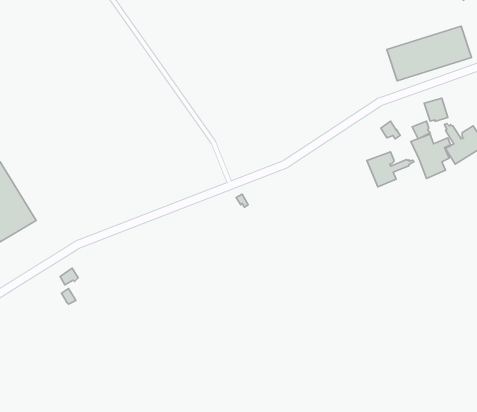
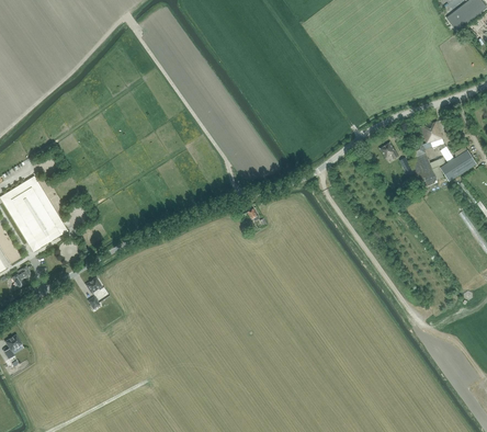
building: [387,26,471,81] -> none
building: [367,152,414,187] -> none

